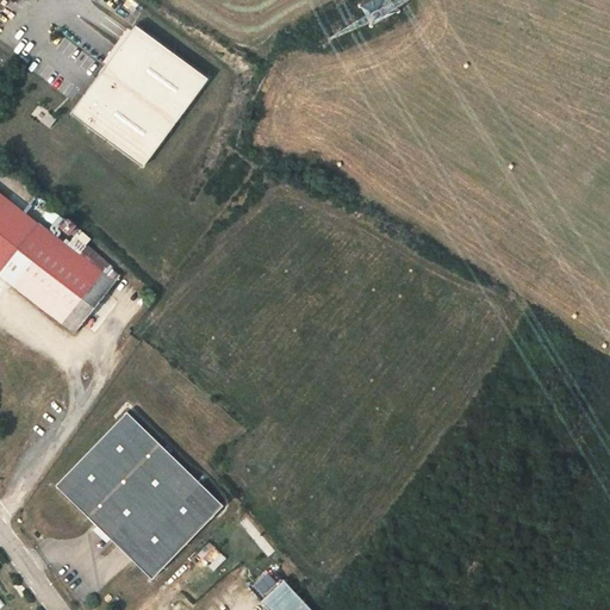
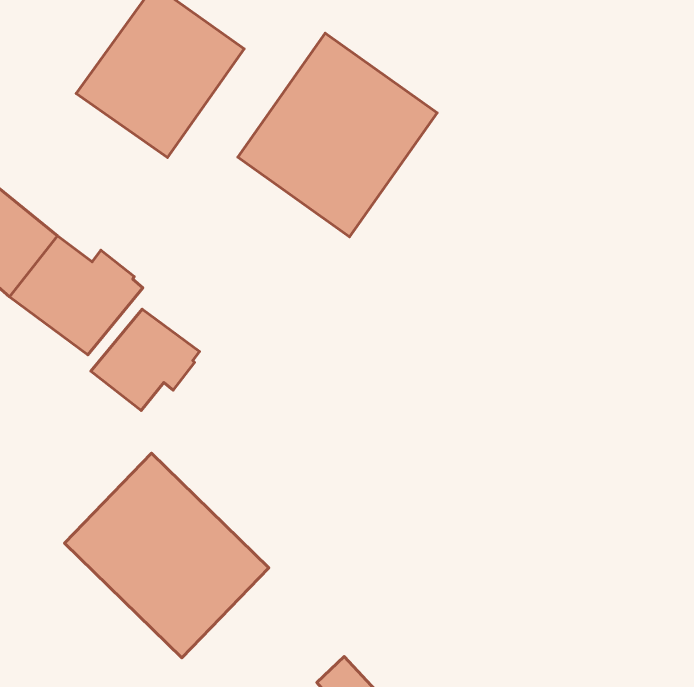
building: none -> [238,33,437,237]
building: none -> [91,309,199,410]

